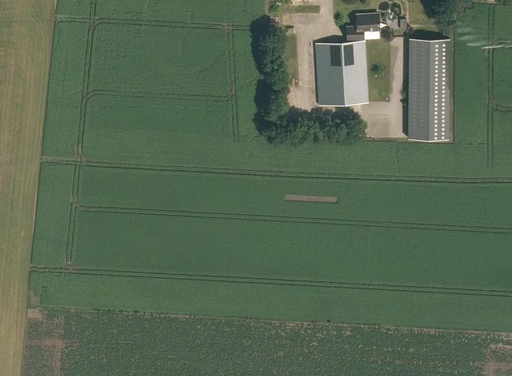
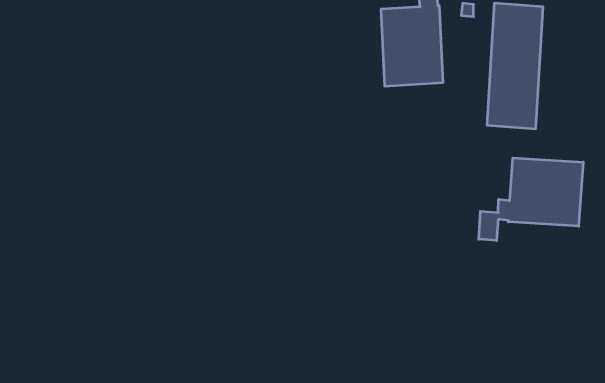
building: none -> [479,158,583,241]

